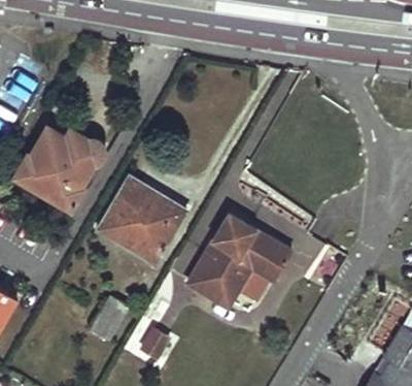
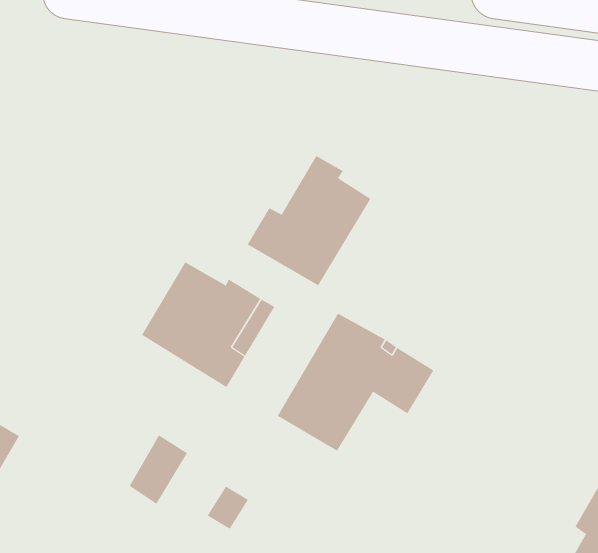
building: none -> [247,155,371,286]
building: [15,128,102,208] -> none

